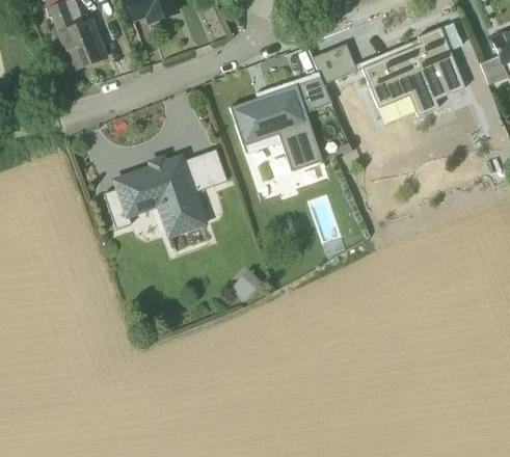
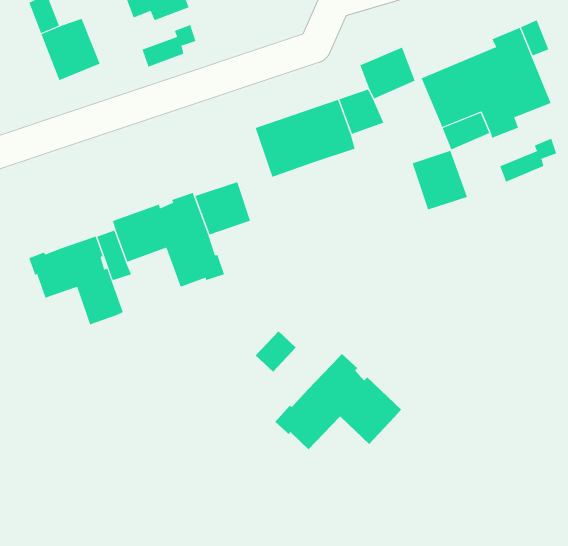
building: none -> [142,24,196,67]
building: none -> [499,138,557,183]
building: [278,124,323,171] -> [412,150,468,210]
building: none -> [28,236,123,325]
building: none -> [274,353,402,450]

